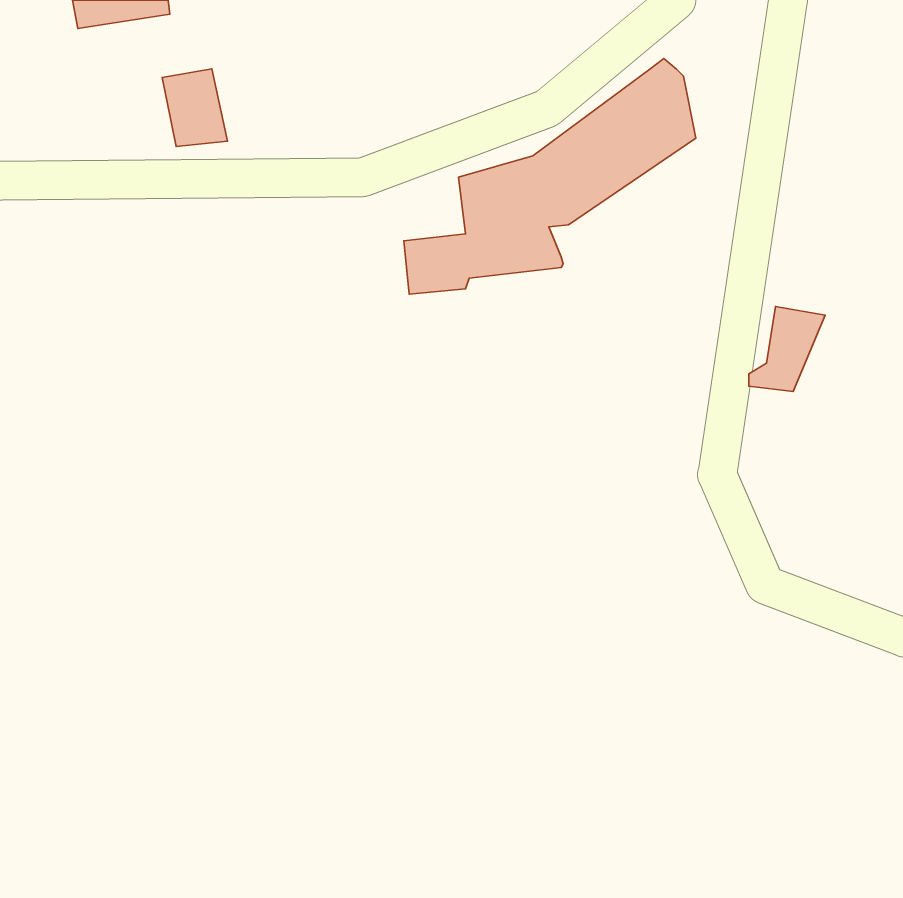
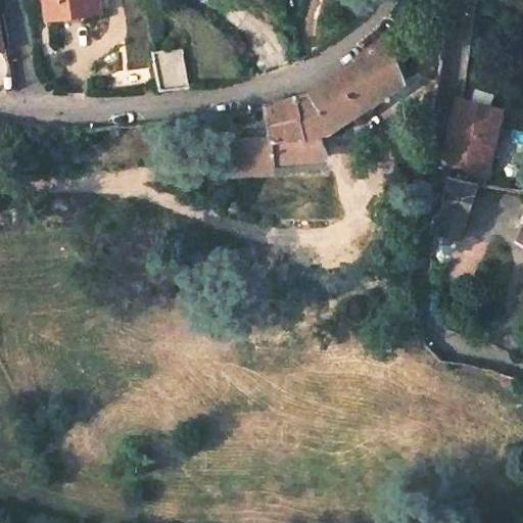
building: [162,69,228,147] -> [150,48,188,93]
building: none -> [441,99,504,174]

